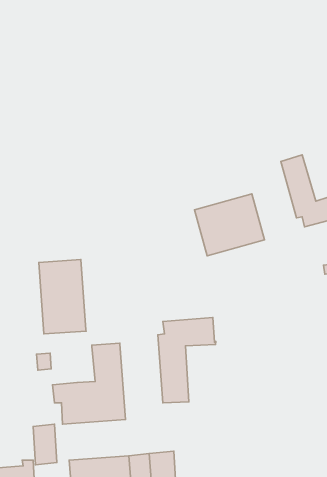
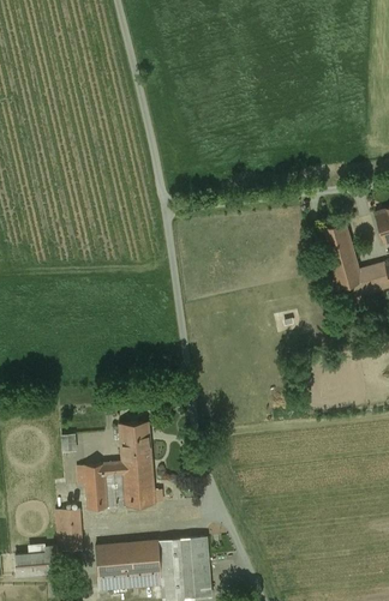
building: [195,194,264,256] -> none
building: [39,260,86,334] -> none
building: [158,318,216,403] -> none

